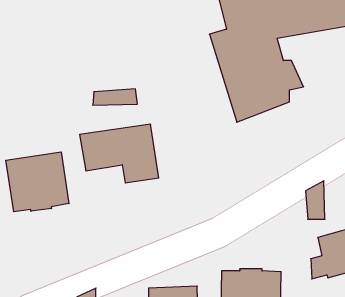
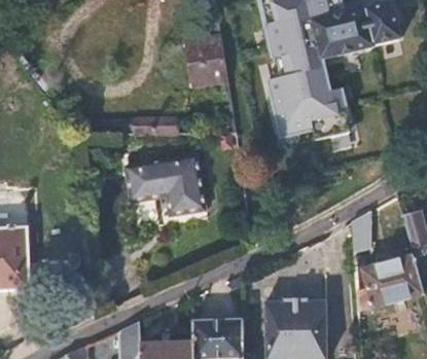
building: none -> [186,36,226,84]
building: [6,152,69,212] -> none

